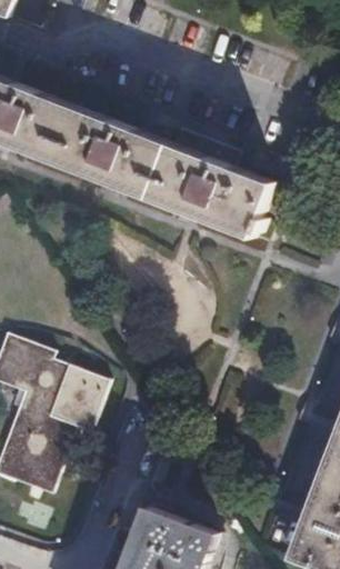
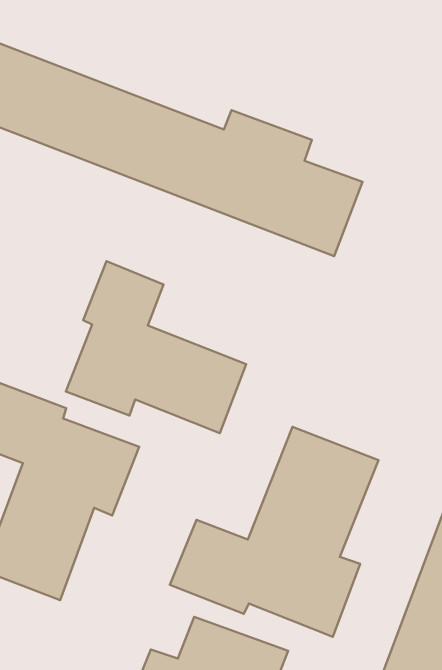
building: none -> [66,261,246,433]
building: none -> [170,427,379,637]

